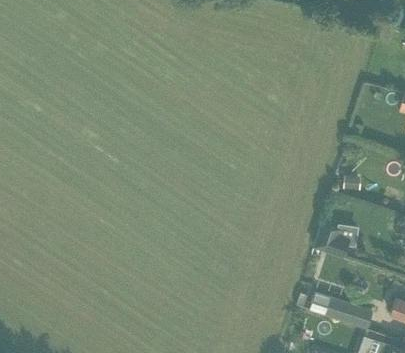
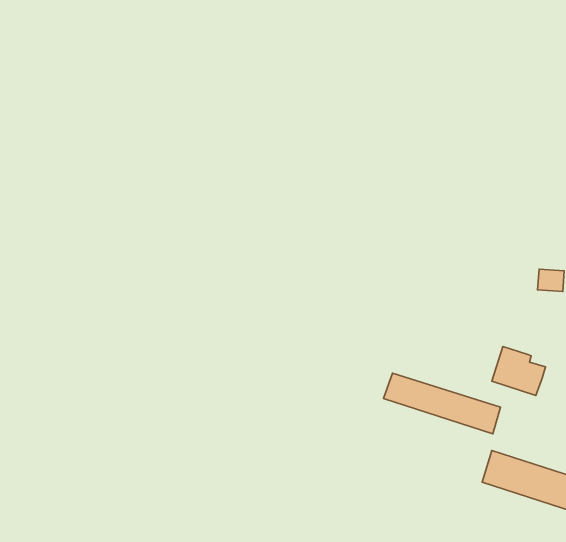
building: none -> [383,373,500,434]

